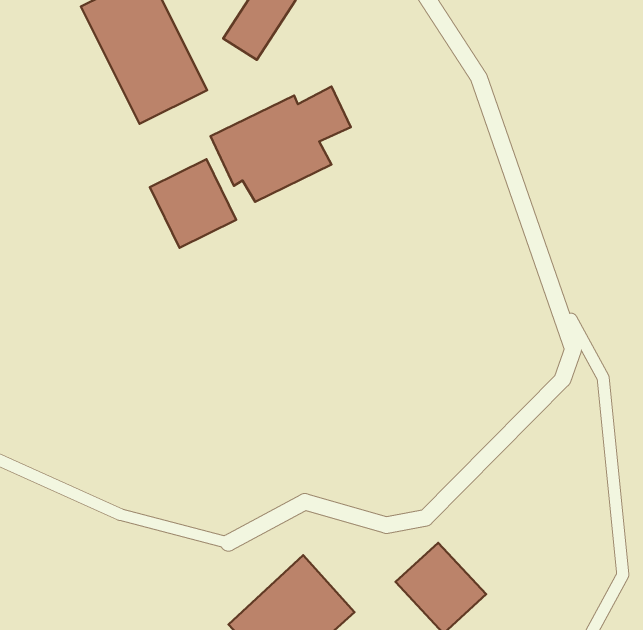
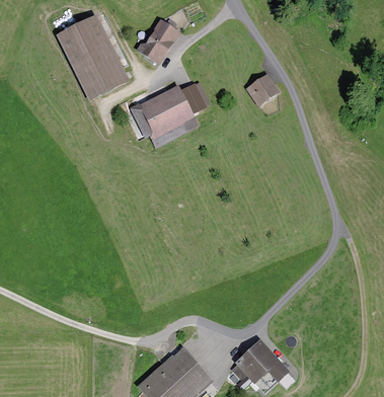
building: none -> [245,72,281,107]
building: [150,159,236,248] -> none

